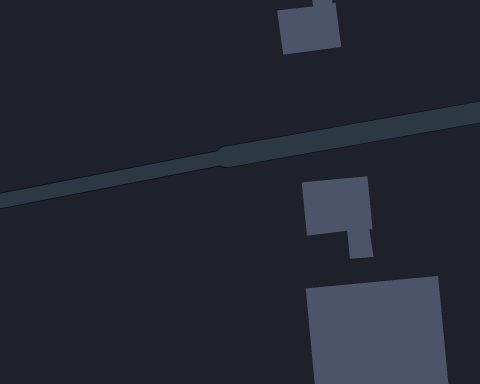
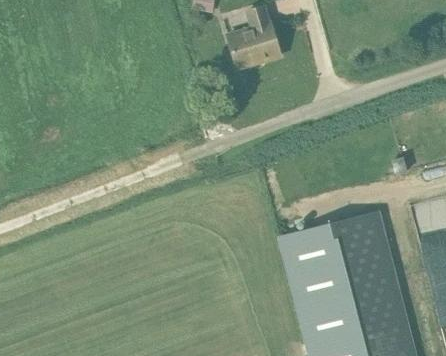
building: [301,175,374,259] -> none

